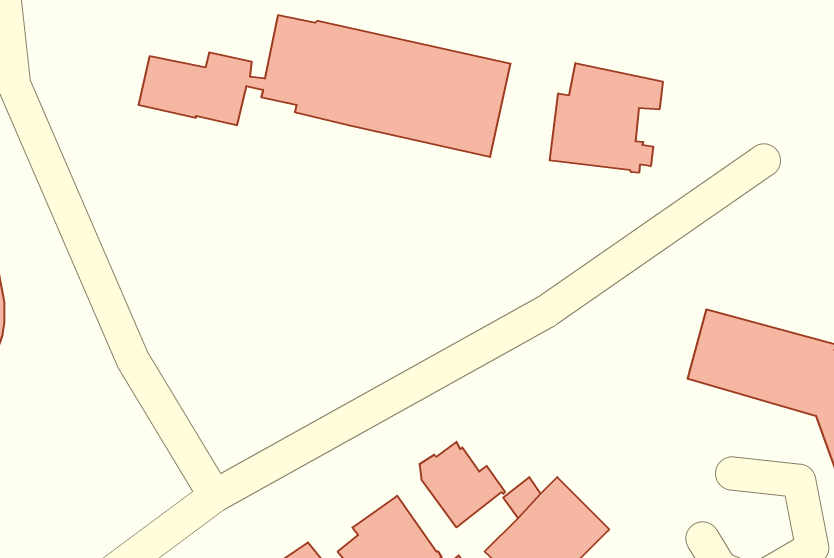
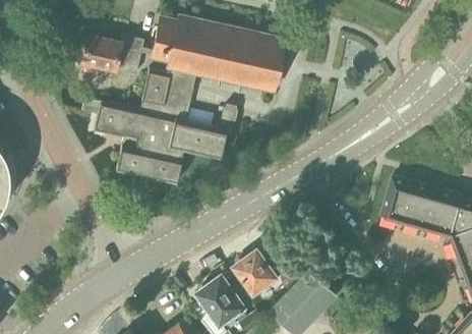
building: [550,63,663,173] -> none
building: none -> [95,69,237,187]

